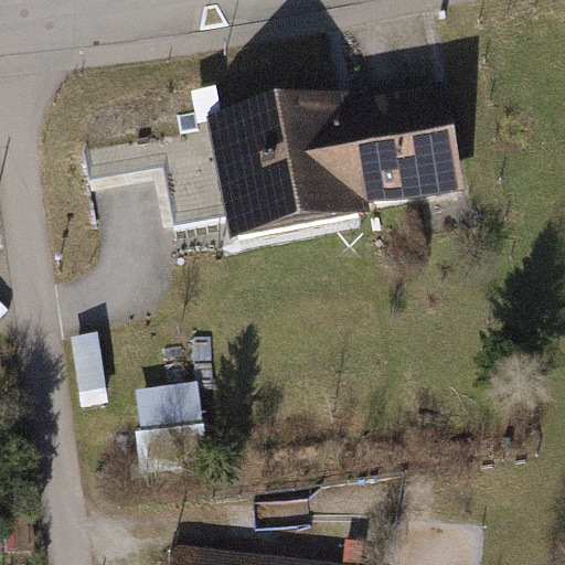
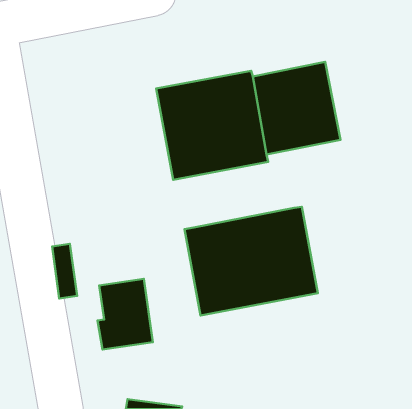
building: none -> [184,207,318,315]

